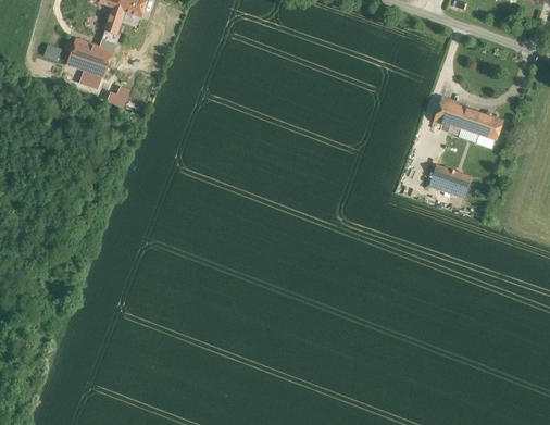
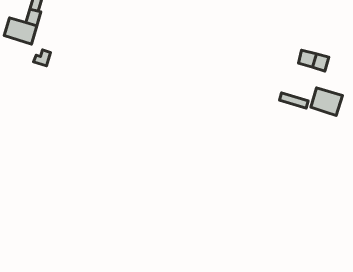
building: [432,101,464,130] -> none
building: none -> [311,88,342,115]

